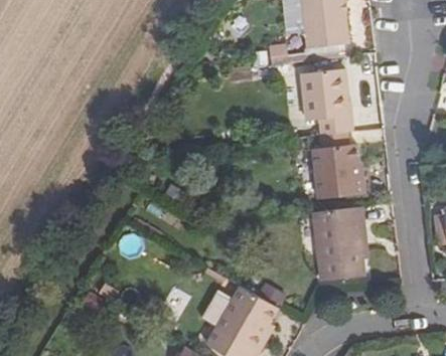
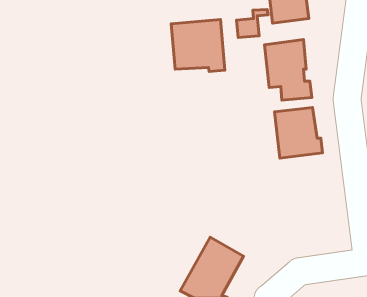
building: none -> [171,19,225,72]
building: [313,206,364,281] -> none

